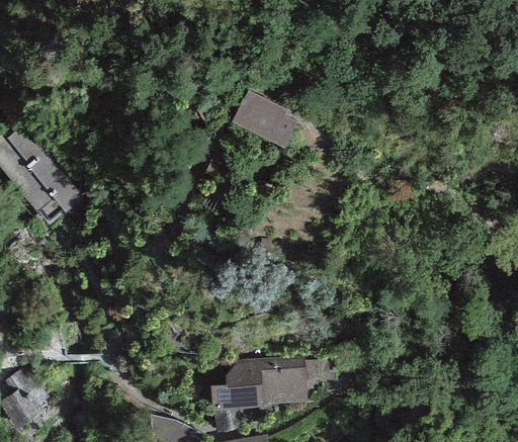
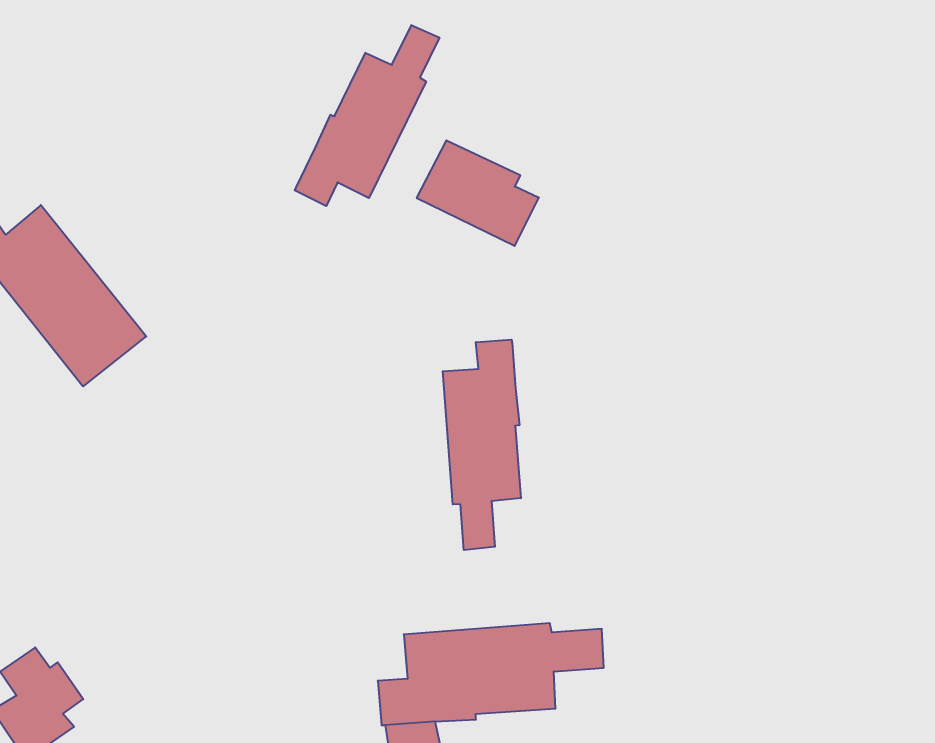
building: none -> [295,25,439,206]
building: none -> [443,340,521,550]

